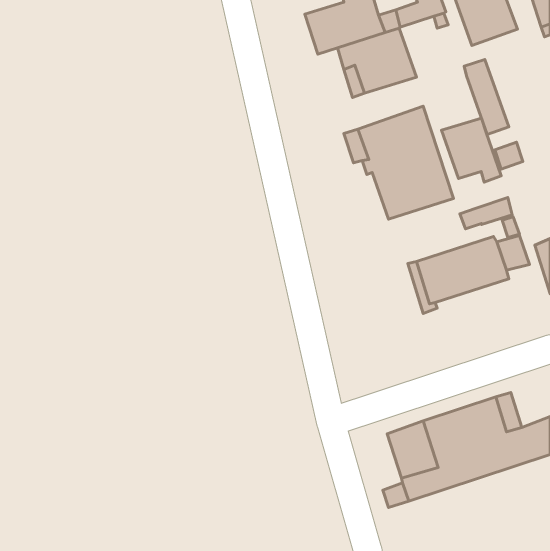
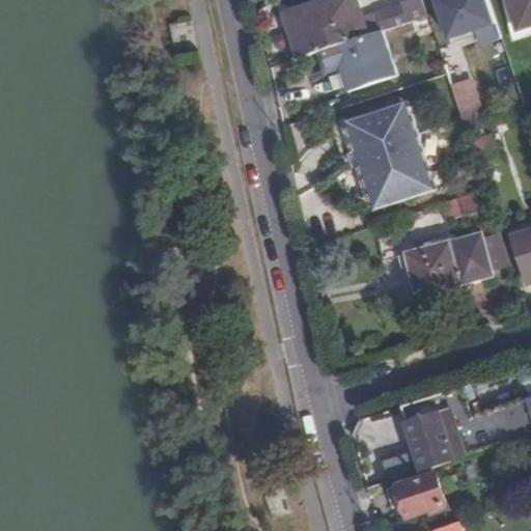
building: [442,118,501,182] -> none
building: none -> [388,470,447,516]

